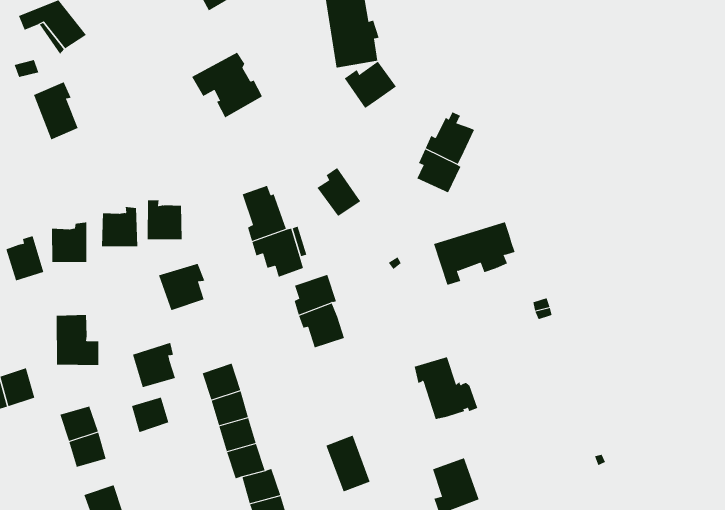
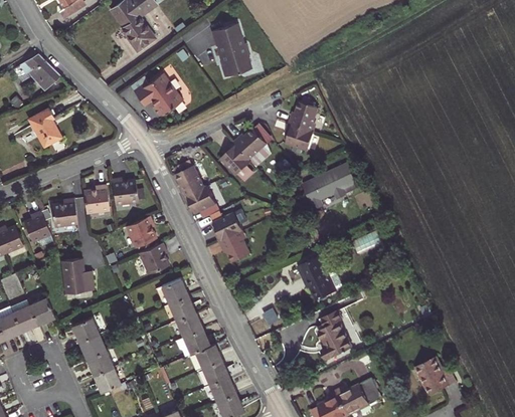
building: [344,61,397,109] -> [233,129,269,161]
building: [132,342,176,388] -> [139,242,169,274]
building: [131,397,169,433] -> [87,351,113,376]

